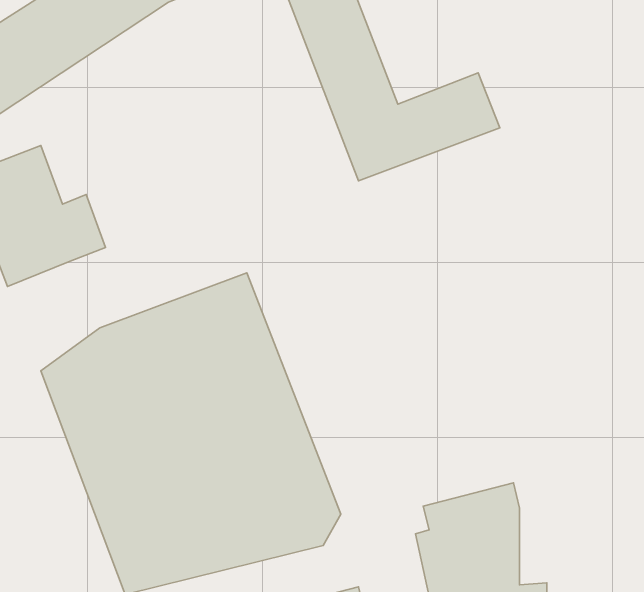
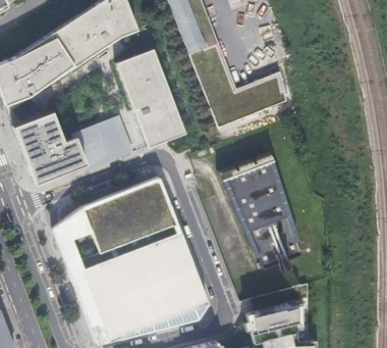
building: none -> [114,48,186,147]
building: none -> [78,120,129,162]
building: none -> [224,153,305,270]

